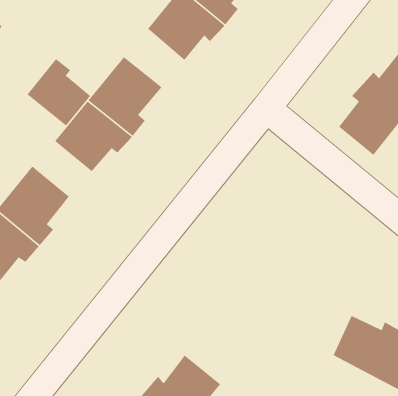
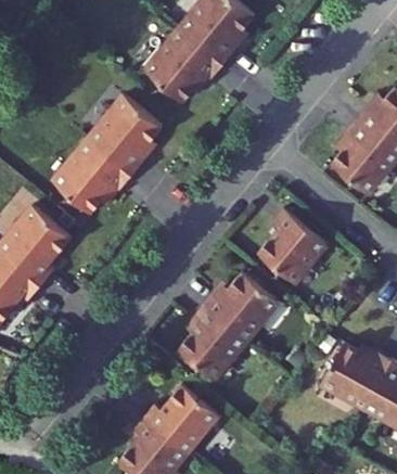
building: [26,58,91,127] -> none
building: none -> [259,209,323,281]
building: none -> [179,272,276,375]

